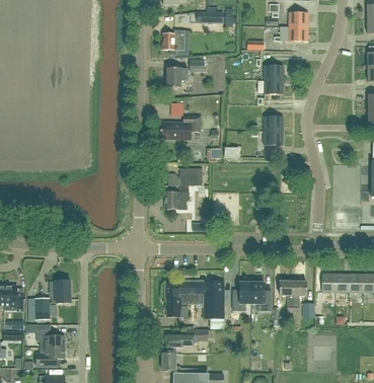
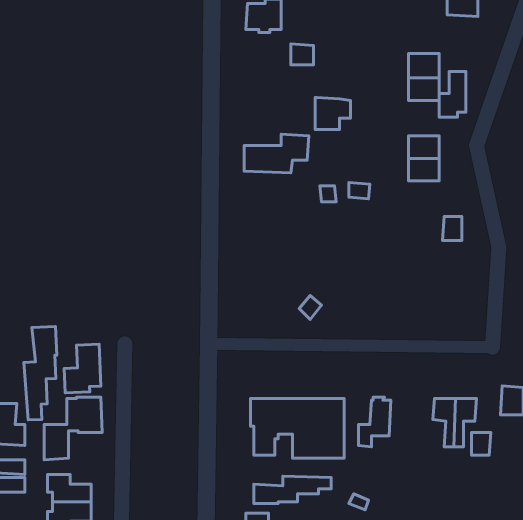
building: [165,67,188,87] -> [315,97,351,130]
building: none -> [439,71,466,117]
building: [164,168,202,210] -> none
building: none -> [24,326,57,420]
building: none -> [64,344,101,393]
building: [251,281,271,312] -> none

